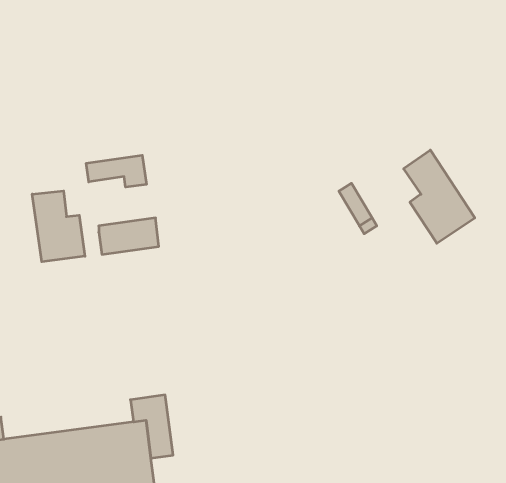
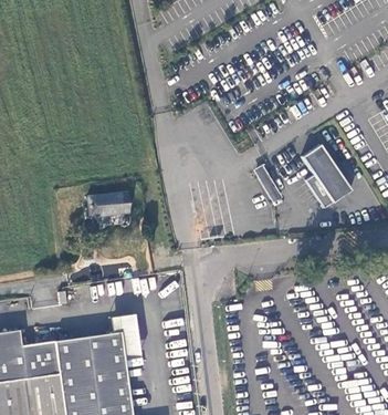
building: [86,155,146,187] -> none
building: [32,191,85,262] -> none

